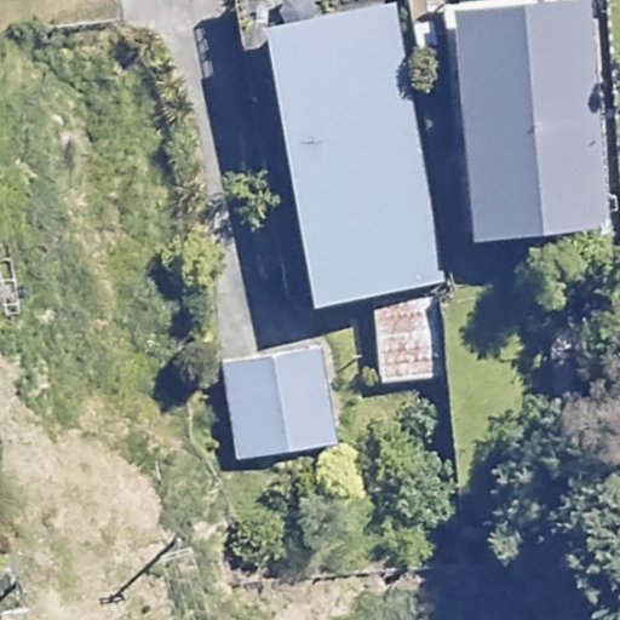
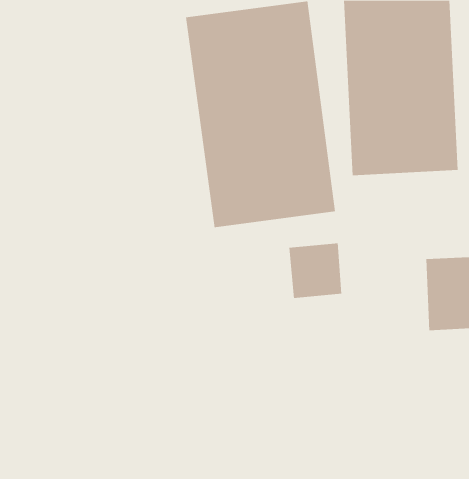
building: [223,349,349,461] -> none

